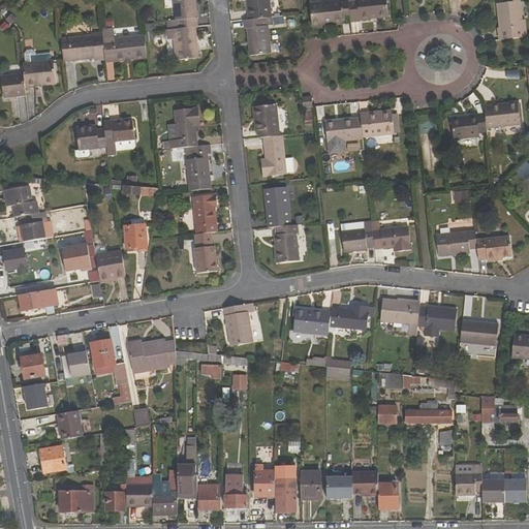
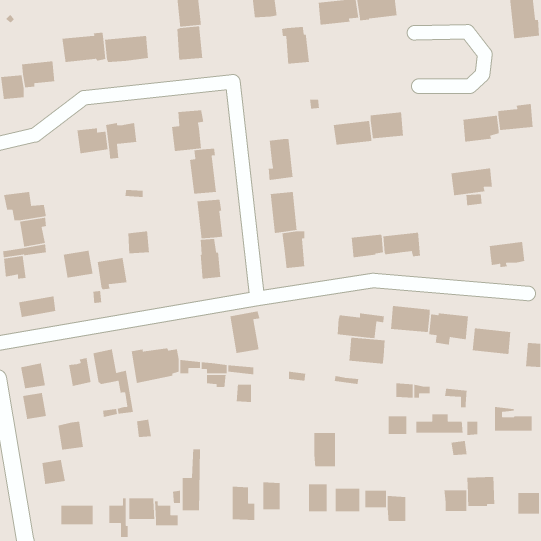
building: [242,17,270,54] -> [281,26,310,65]
building: [252,103,278,136] -> none
building: [435,228,476,256] -> [450,167,493,196]
building: [292,307,329,334] -> [348,337,386,364]
building: [273,474,294,508] -> [313,432,336,467]
building: [480,478,503,500] -> [444,489,467,512]
building: [197,485,218,508] -> none

